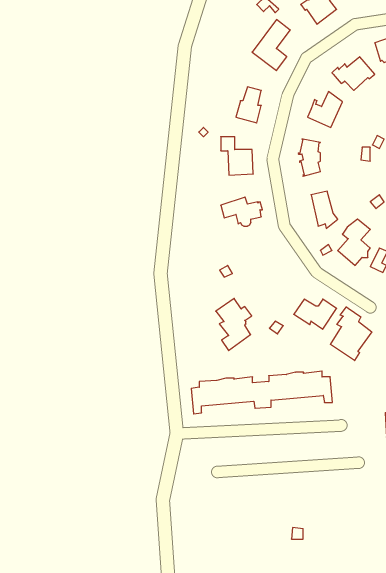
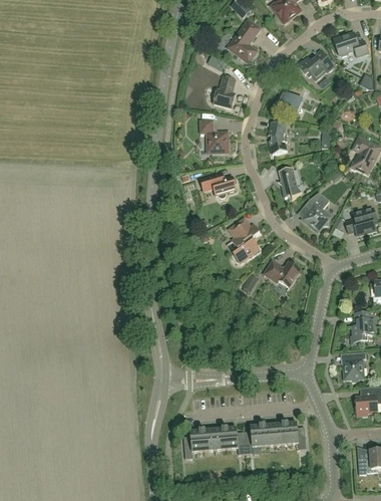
building: [216,298,252,351] -> [229,218,260,263]
building: [330,307,372,361] -> none
building: [191,371,332,414] -> [183,422,306,459]

